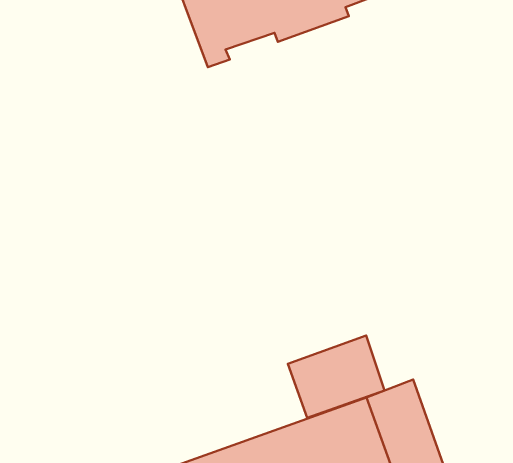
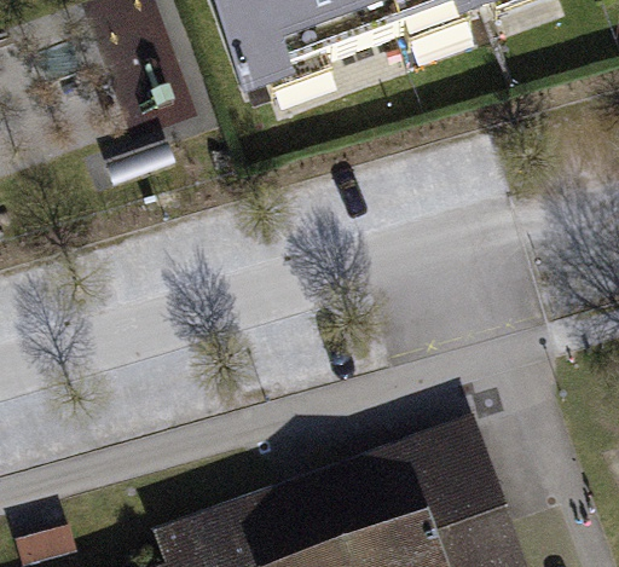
building: [288,336,385,418] -> none

